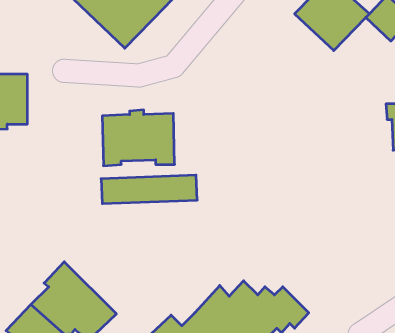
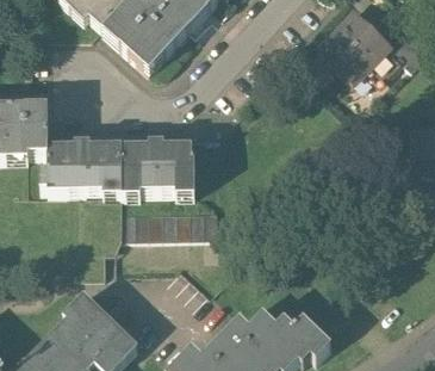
building: none -> [42,140,124,194]

